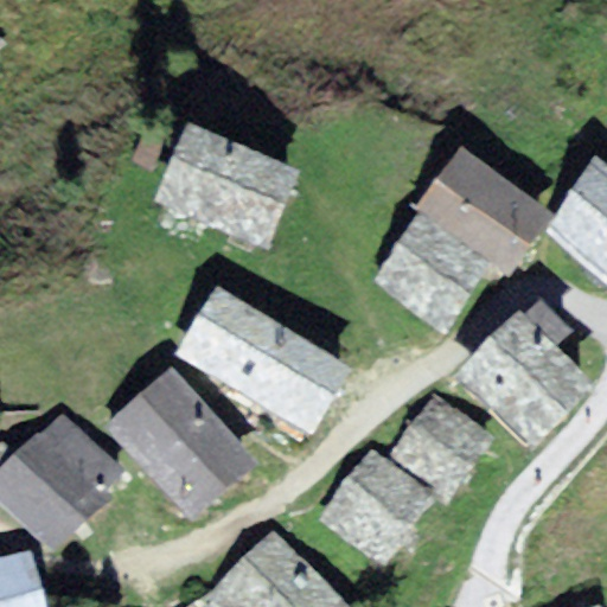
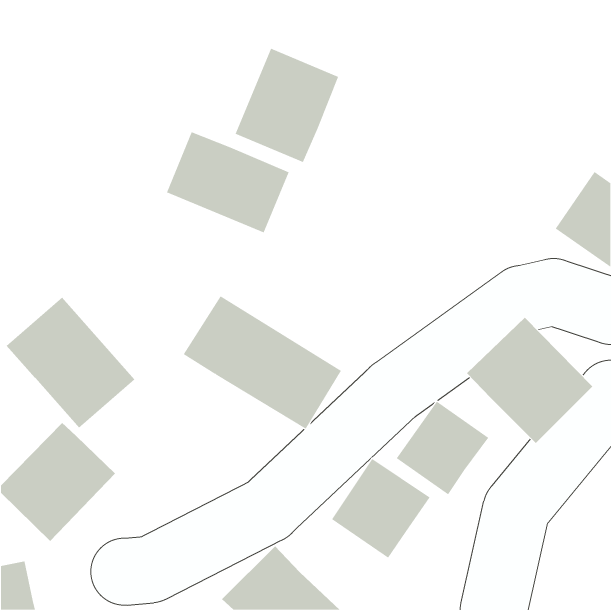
building: none -> [235,48,339,163]
building: [424,151,543,263] -> none
building: [381,219,485,320] -> none
building: [117,378,245,509] -> [6,297,135,429]

